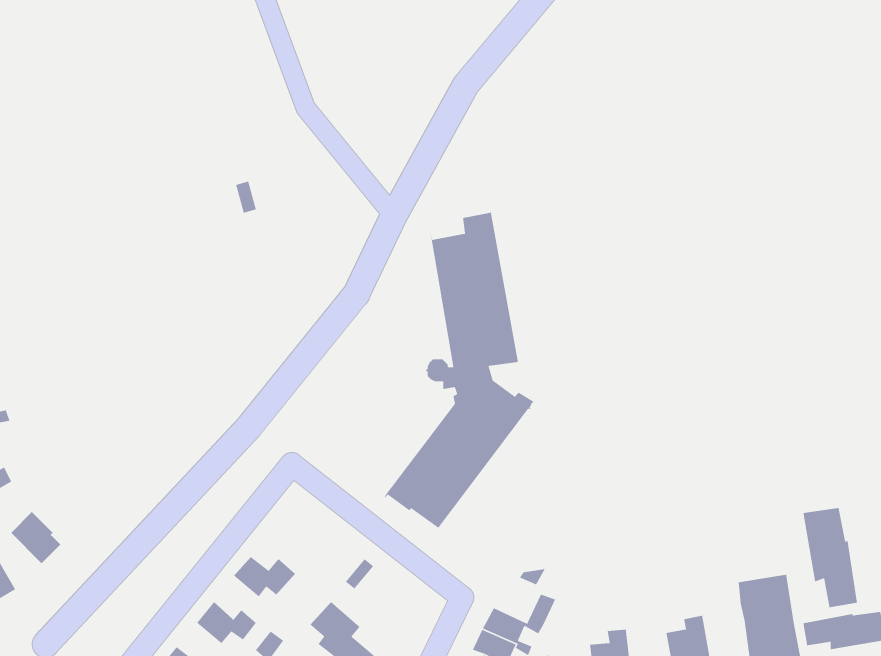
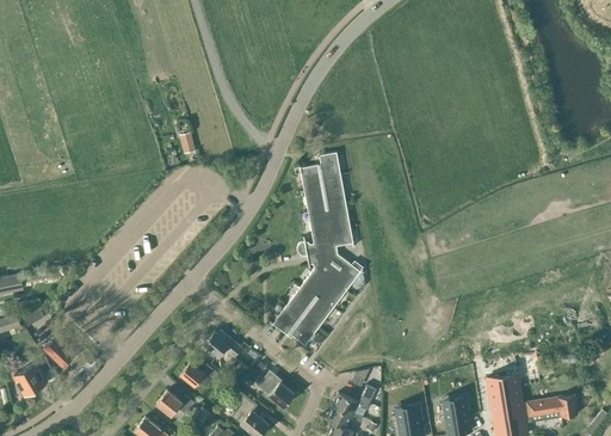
building: none -> [204,331,242,358]
building: [802,507,858,608] -> none
building: none -> [257,371,294,409]

